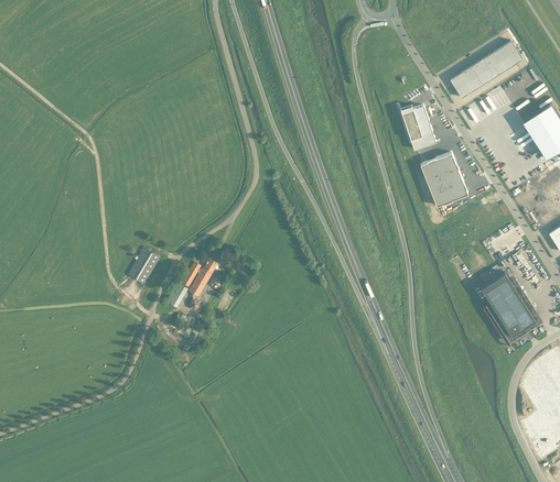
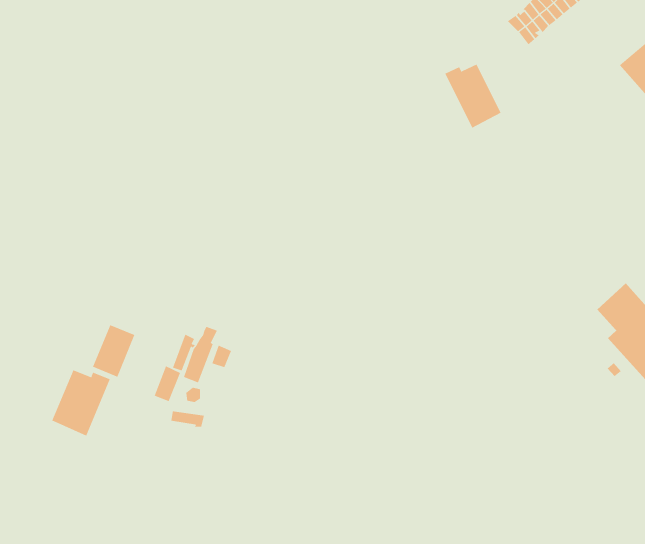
building: [420,153,467,206] -> none
building: none -> [51,370,111,436]

